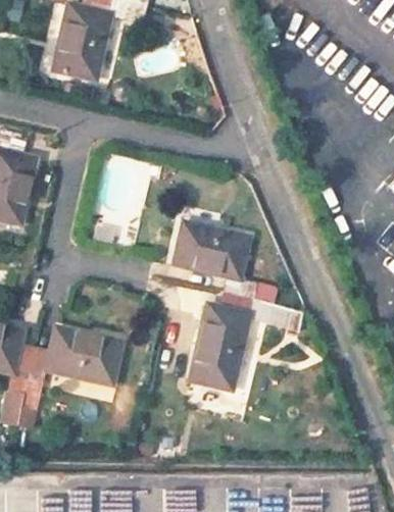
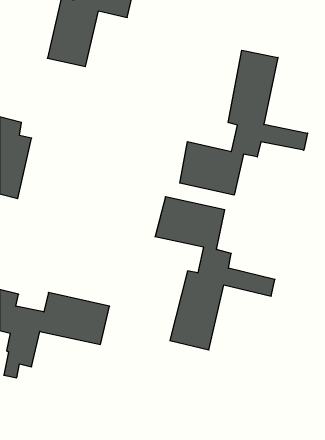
building: none -> [180,50,308,195]

